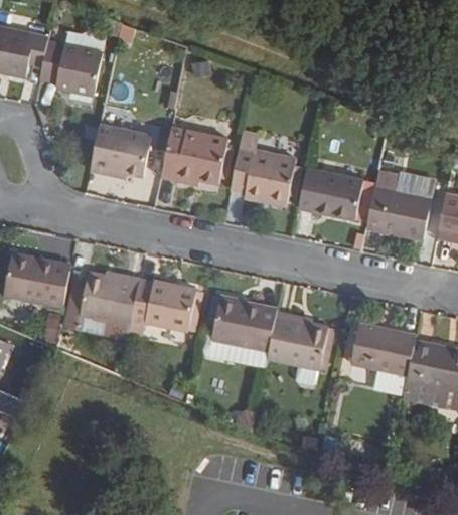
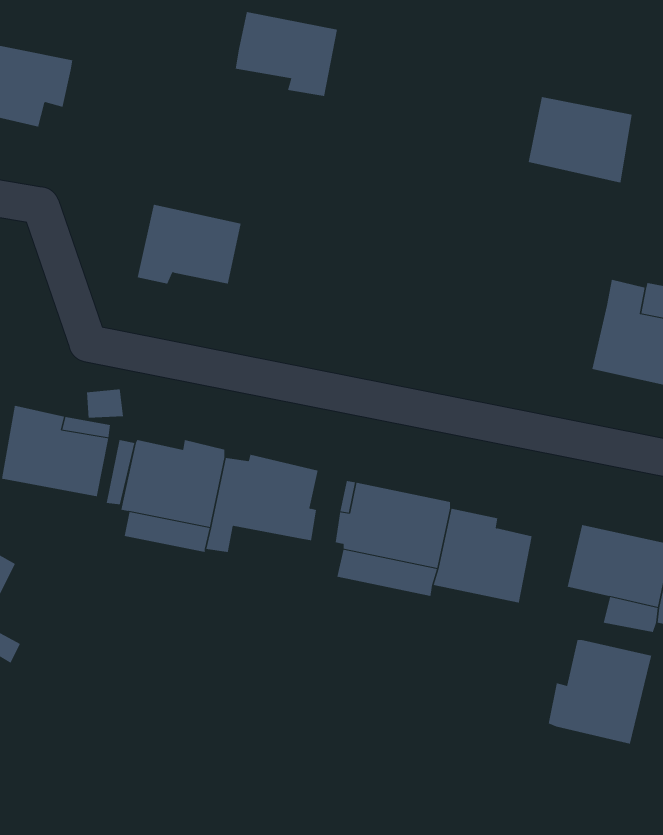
building: [38,43,102,96] -> [235,12,338,97]
building: [160,129,226,184] -> none
building: [230,130,296,203] -> none
building: [300,168,364,221] -> [528,97,633,183]
building: none -> [548,639,652,745]

